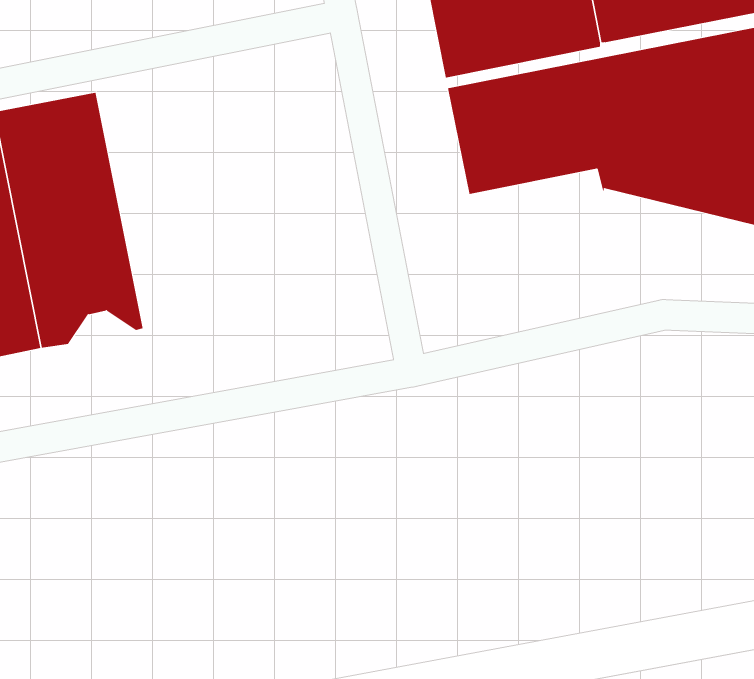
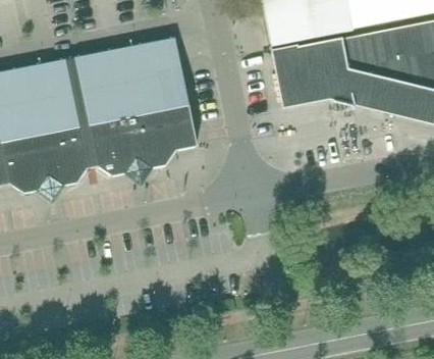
building: none -> [91,36,196,174]

